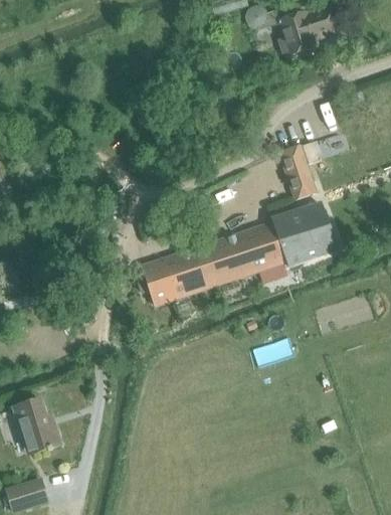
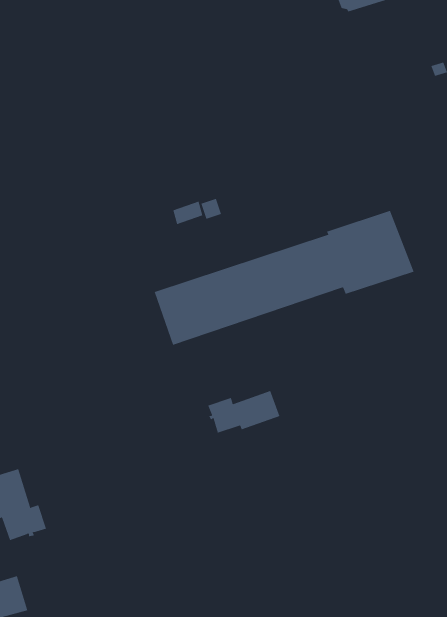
building: [278,147,316,198] -> none
building: none -> [208,390,280,433]

